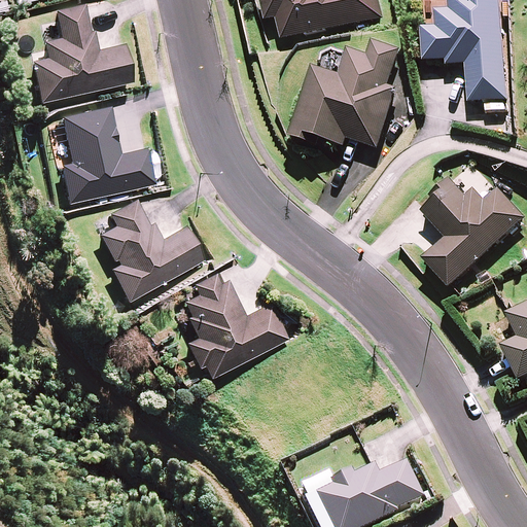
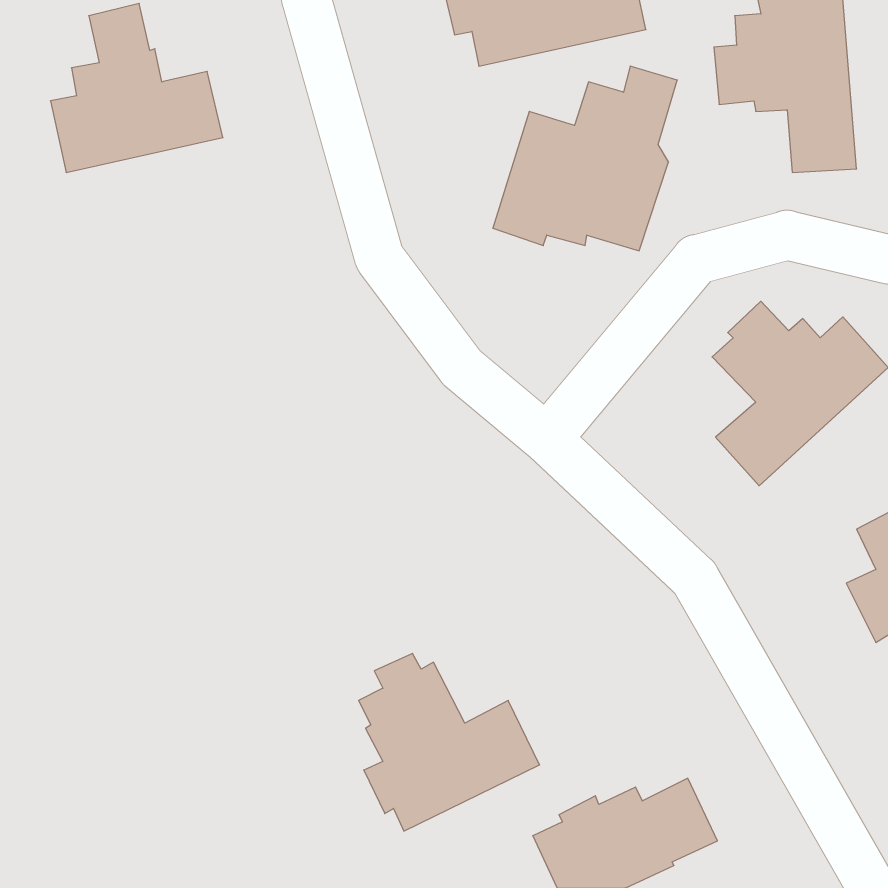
building: [60,105,155,203] -> none
building: [98,198,205,301] -> none
building: [182,273,289,378] -> [359,653,540,831]

